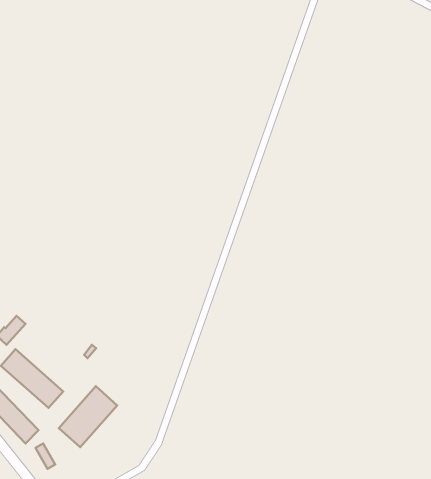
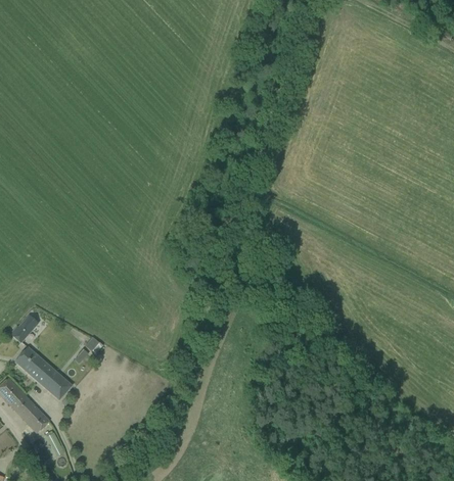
building: [59,386,117,447] -> none

